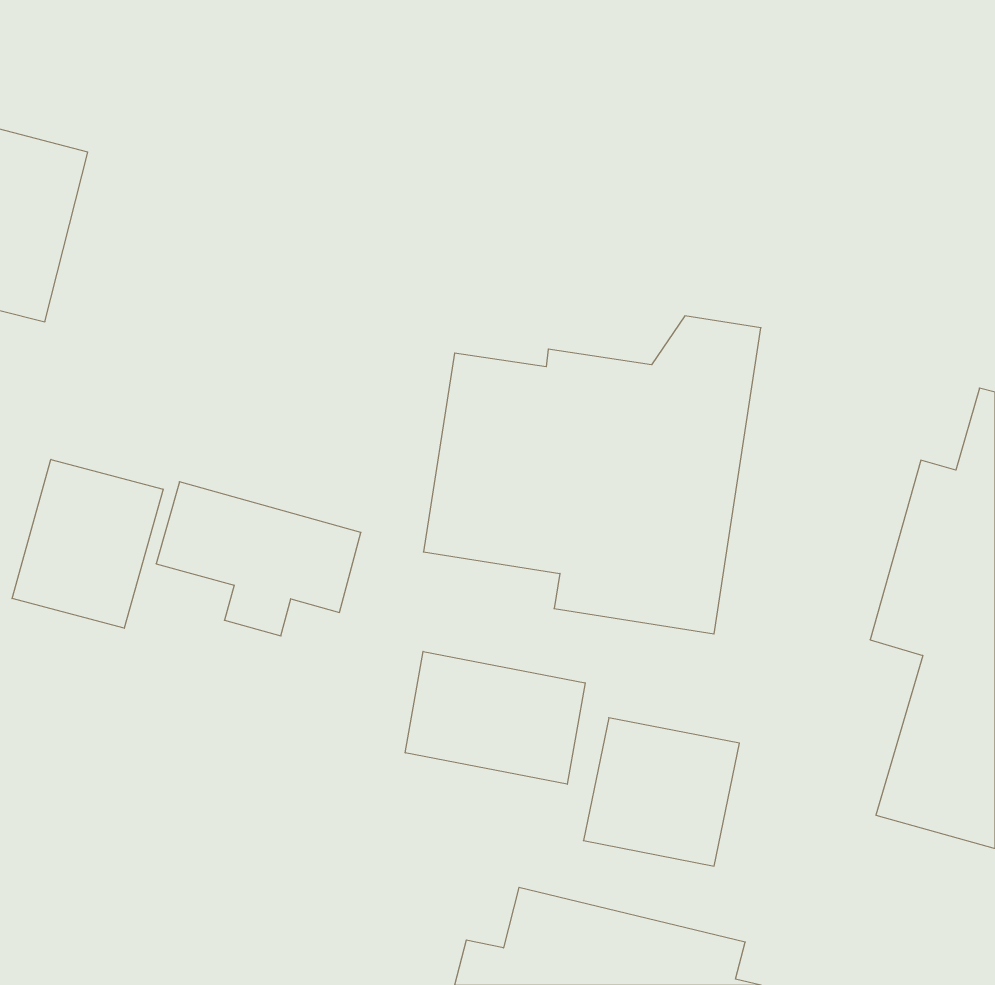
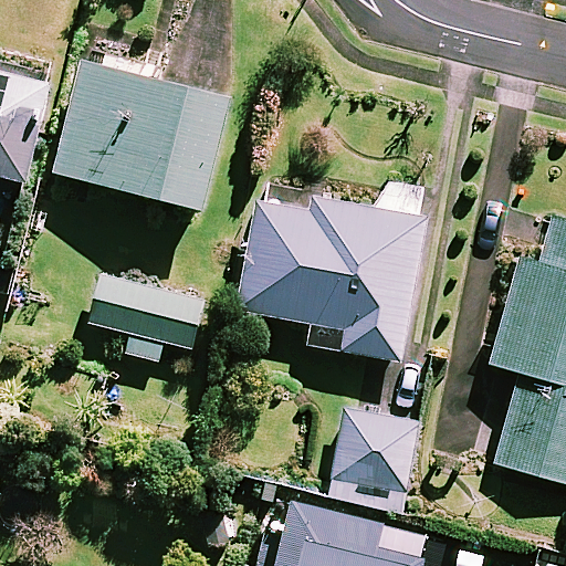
building: none -> [54,63,233,213]
building: [12,459,163,628] -> none
building: [405,651,585,784] -> none

